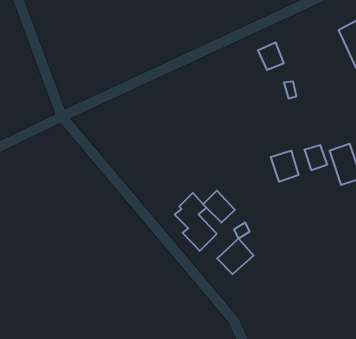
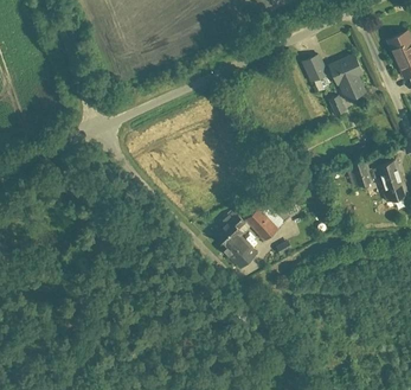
building: none -> [327,52,367,101]
building: [271,151,298,182] -> none
building: [217,238,254,274] -> none

